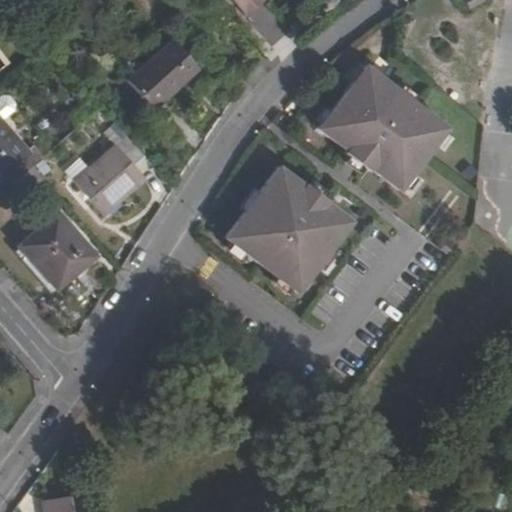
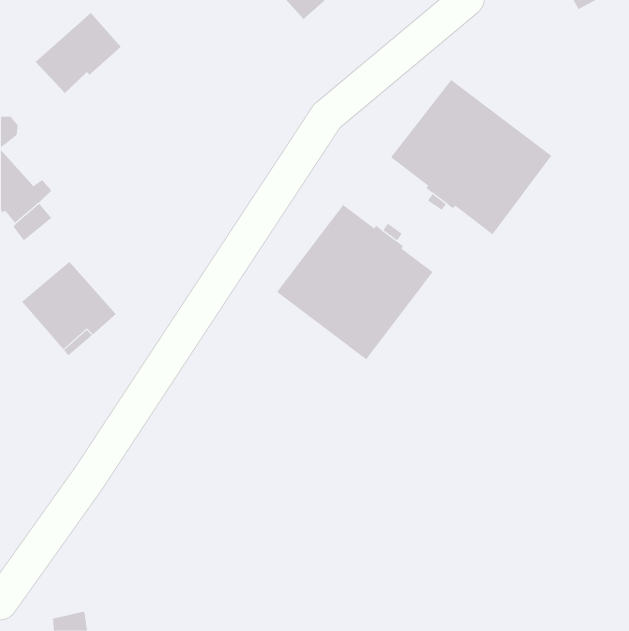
building: [129,43,199,109] -> [35,12,122,94]
building: [76,134,147,214] -> none

